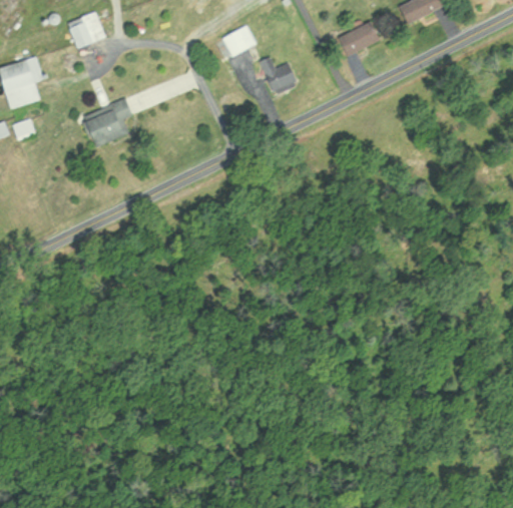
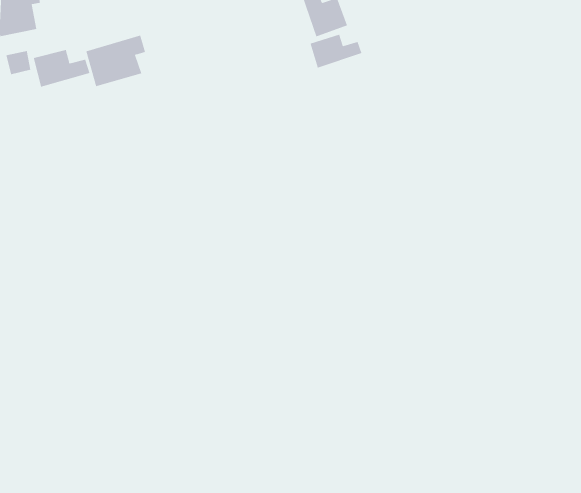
building: none -> [310,34,362,68]
building: none -> [33,49,90,87]

